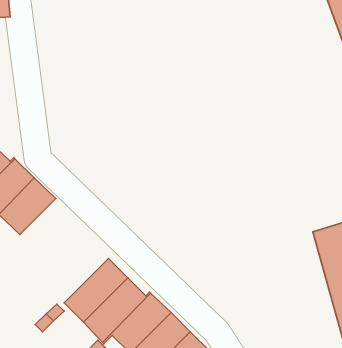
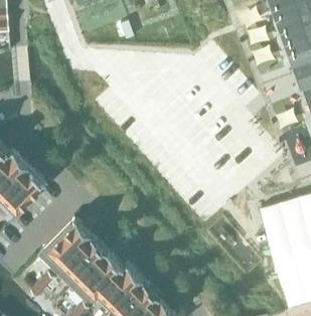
building: none -> [37,217,92,272]

